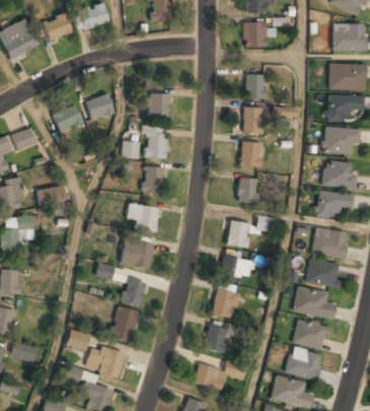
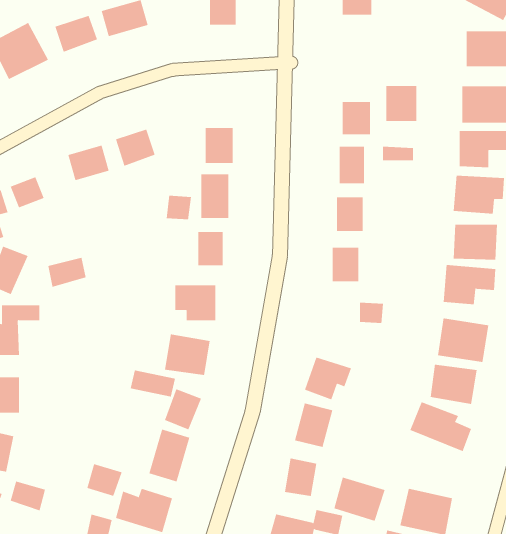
building: [243,22,266,48] -> [385,85,417,121]
building: [229,222,249,247] -> none
building: [293,319,329,350] -> [333,477,385,522]

